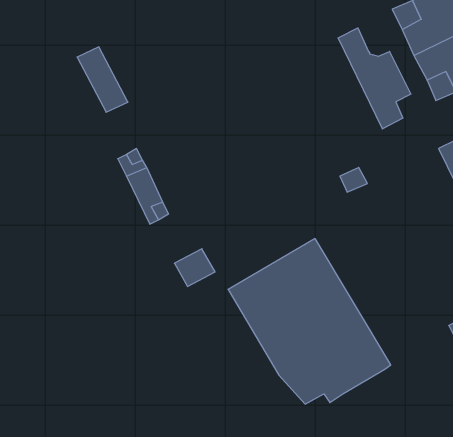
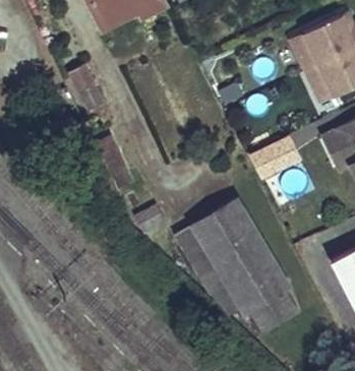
building: [338,28,411,129] -> none
building: none -> [254,291,297,330]

